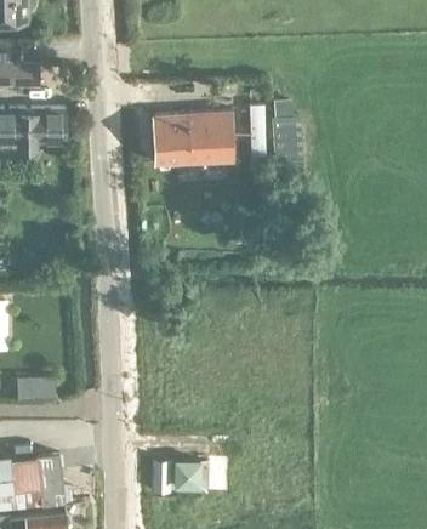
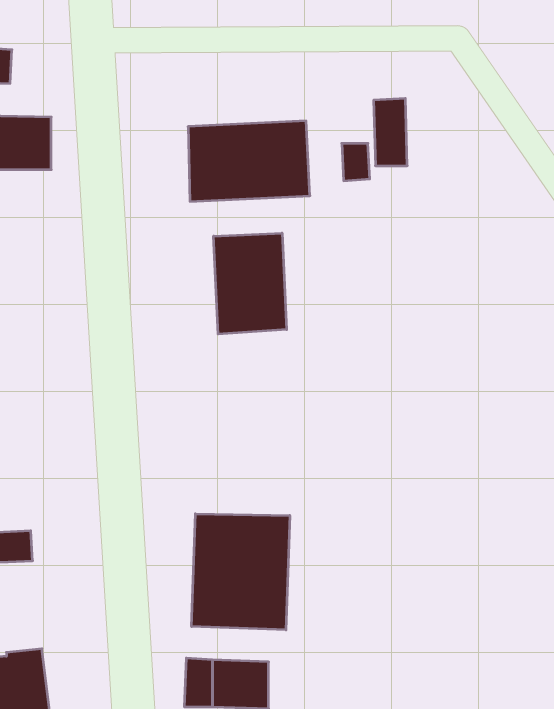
building: none -> [214,233,287,334]
building: none -> [192,514,290,630]

